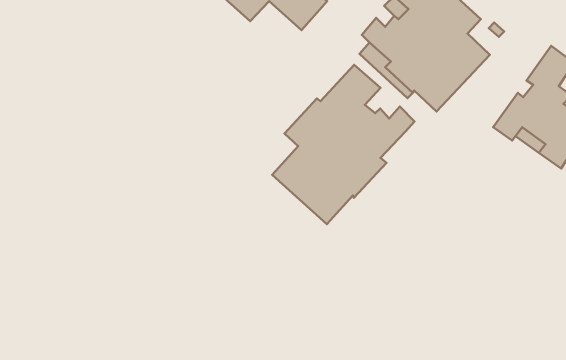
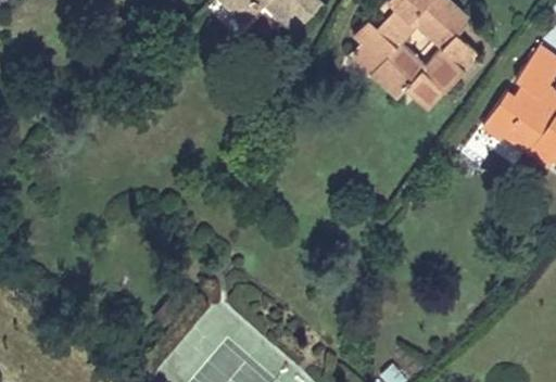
building: [272,65,414,224] -> none

